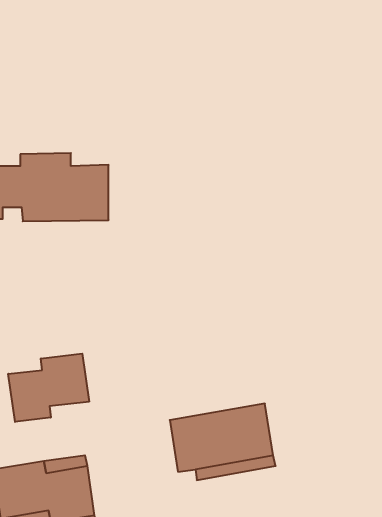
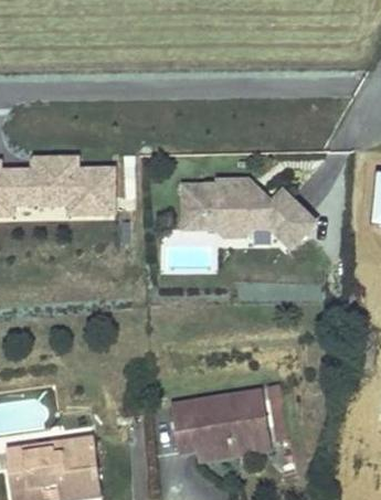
building: none -> [184,178,316,244]
building: [8,354,89,422] -> none

